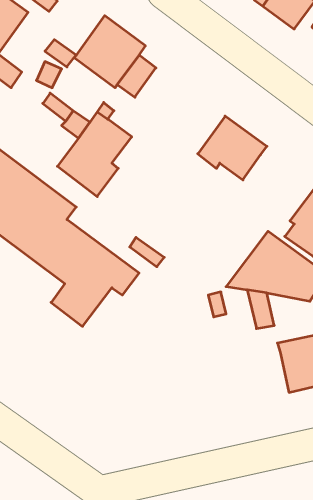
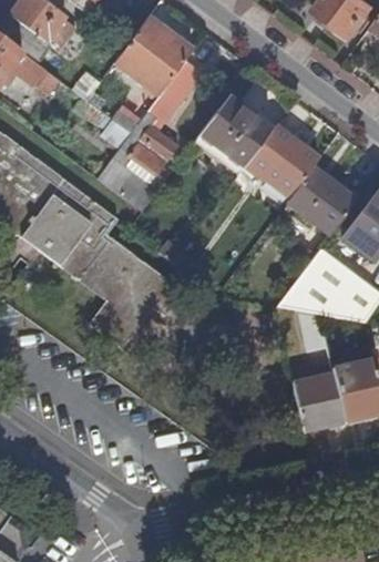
building: none -> [199,96,272,166]
building: none -> [288,166,357,233]
building: none -> [294,377,344,428]

